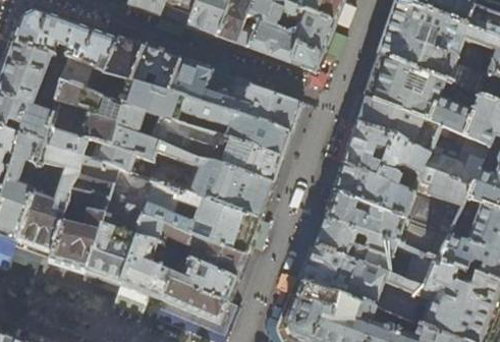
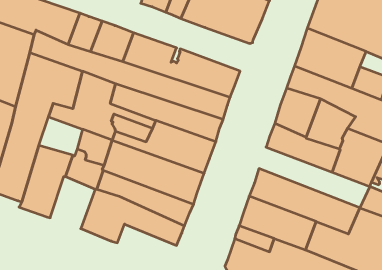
building: [72,156,122,201] -> none
building: [323,190,449,260] -> none
building: [86,224,136,283] -> none
building: [162,278,229,324] -> none

